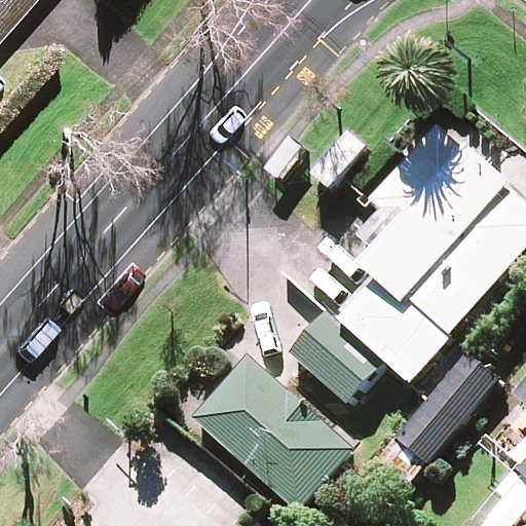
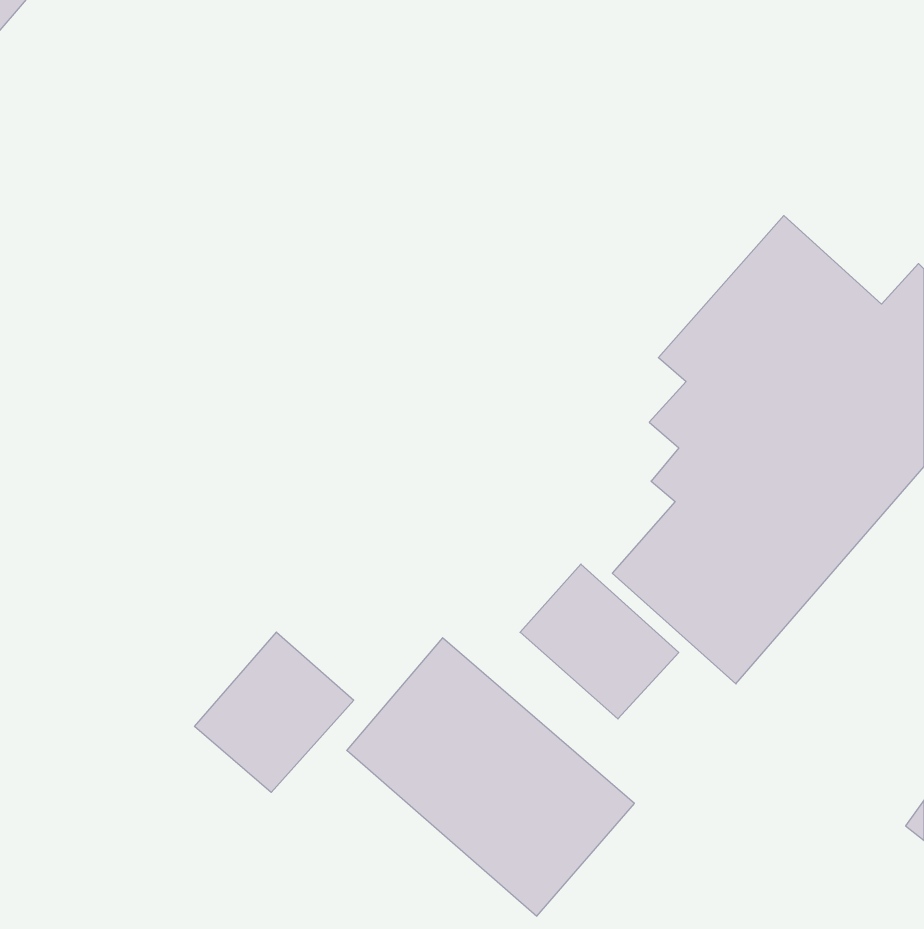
building: [379,351,494,479] -> none
building: none -> [195,632,354,792]

